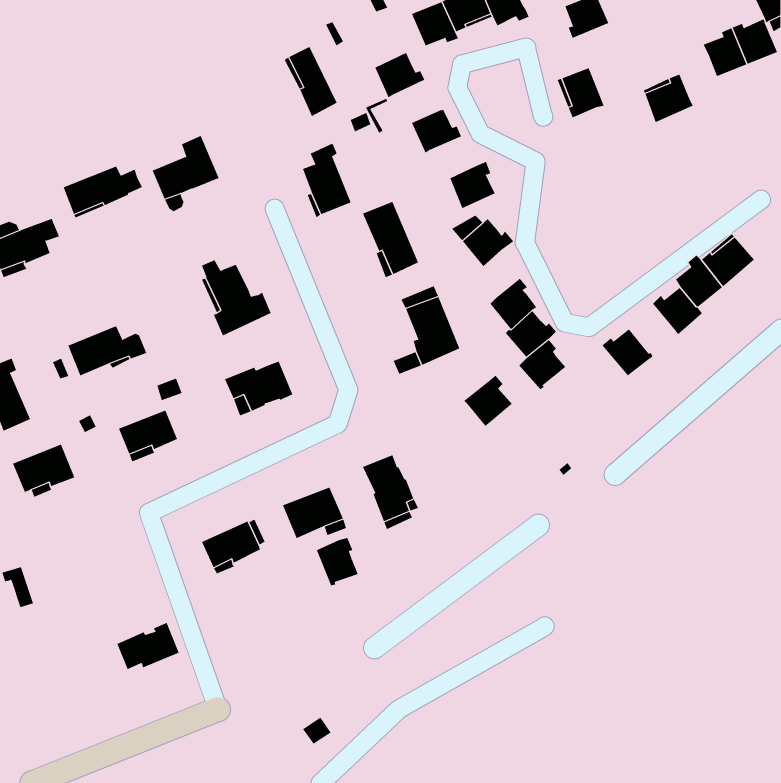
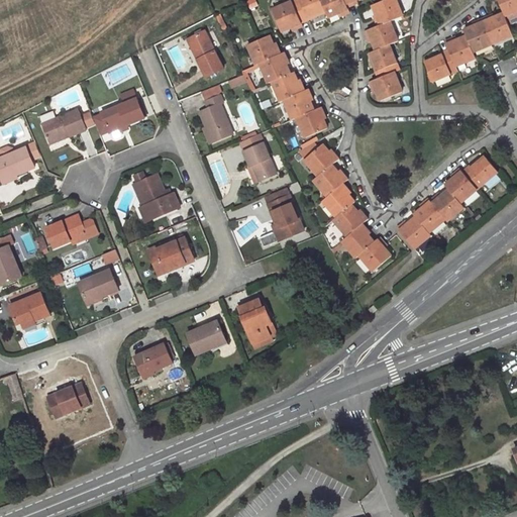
building: none -> [364,20,397,49]
building: none -> [444,35,475,66]
building: none -> [258,51,289,82]
building: none -> [368,71,401,100]
building: none -> [283,88,313,119]
building: none -> [312,165,347,196]
building: none -> [413,198,444,232]
building: [464,375,513,427] -> [357,236,390,271]
building: [316,537,359,586] -> none
building: [116,622,179,670] -> [46,383,88,414]

